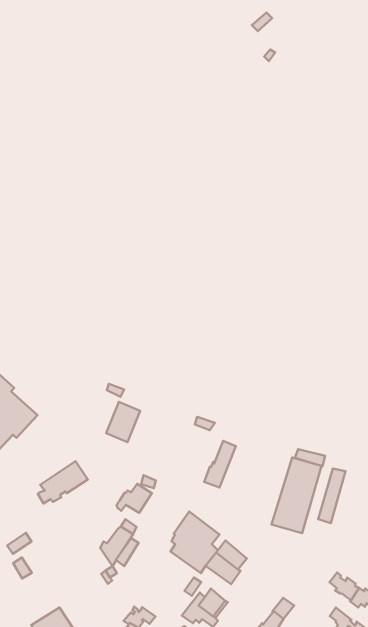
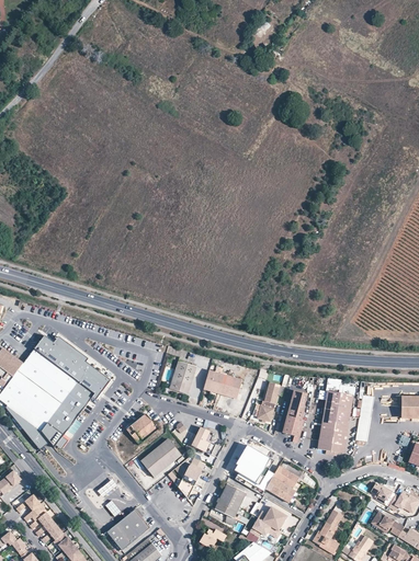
building: none -> [203,370,241,398]
building: none -> [283,391,307,438]
building: none -> [140,437,181,476]
building: none -> [215,484,246,518]
building: none -> [106,508,149,549]

